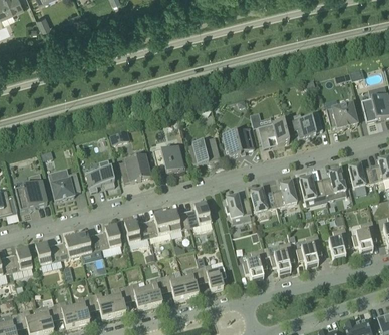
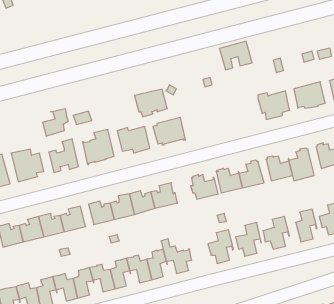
building: [257,119,289,147] -> [219,41,252,70]
building: none -> [43,109,68,136]
building: [222,128,254,155] -> [135,89,167,117]

